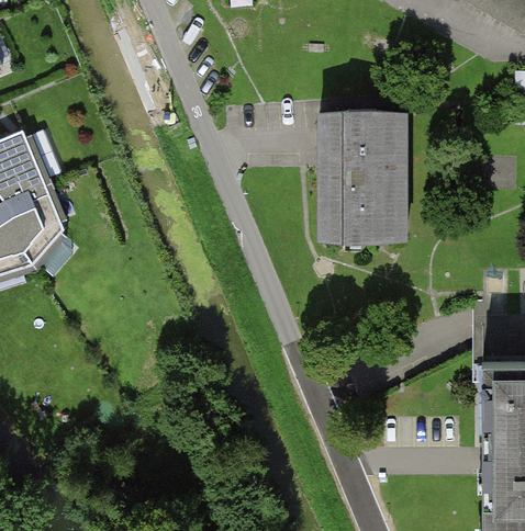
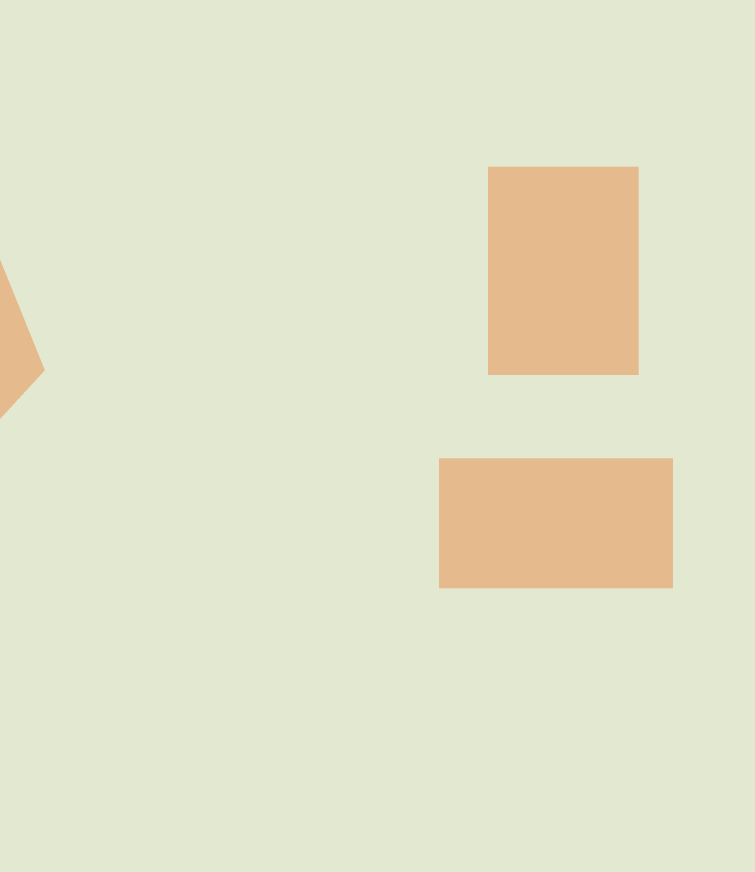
building: none -> [438,457,674,589]

